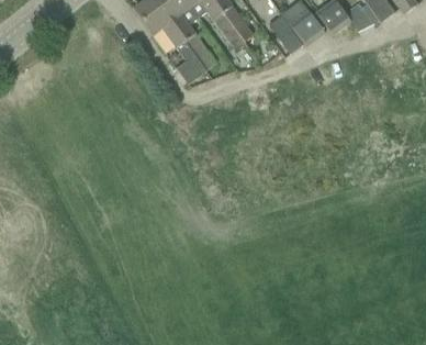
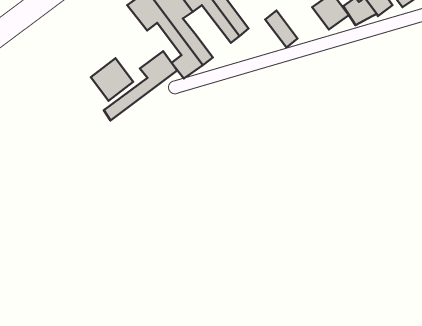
building: [289,10,323,44] -> none
building: none -> [104,51,177,120]
building: none -> [91,58,133,101]

